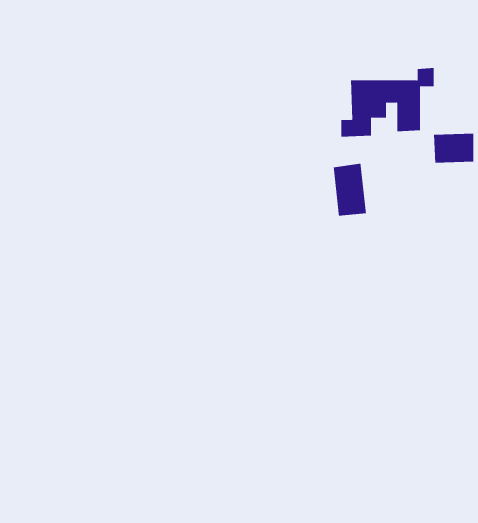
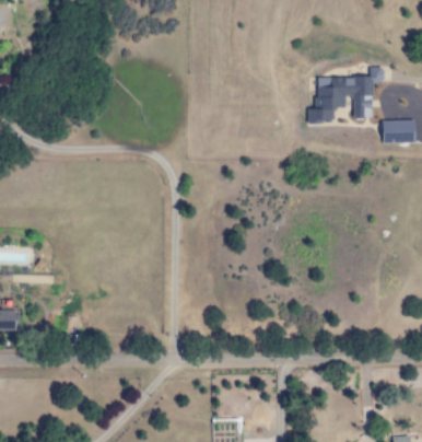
building: [333,163,367,216] -> none

